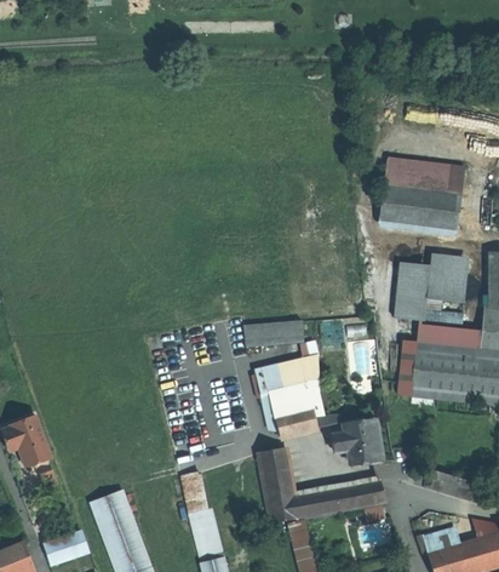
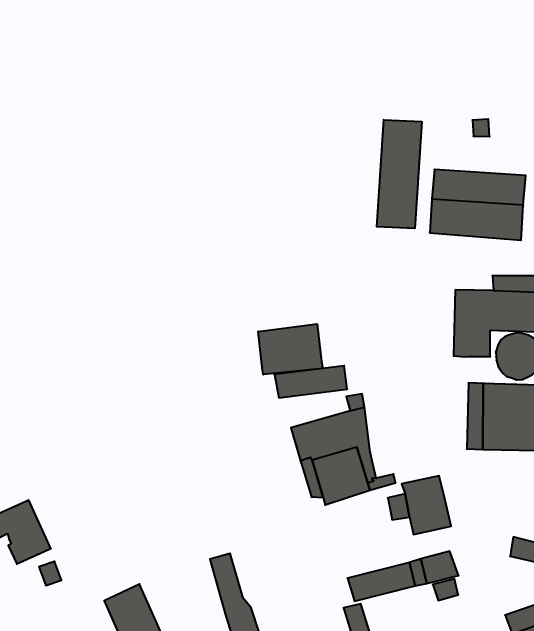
building: none -> [377,120,422,228]
building: none -> [258,324,323,375]
building: [258,447,299,522] -> none

